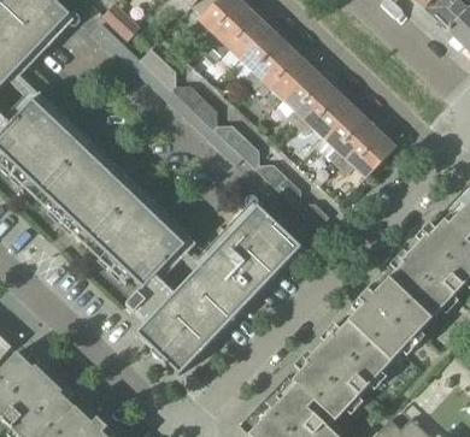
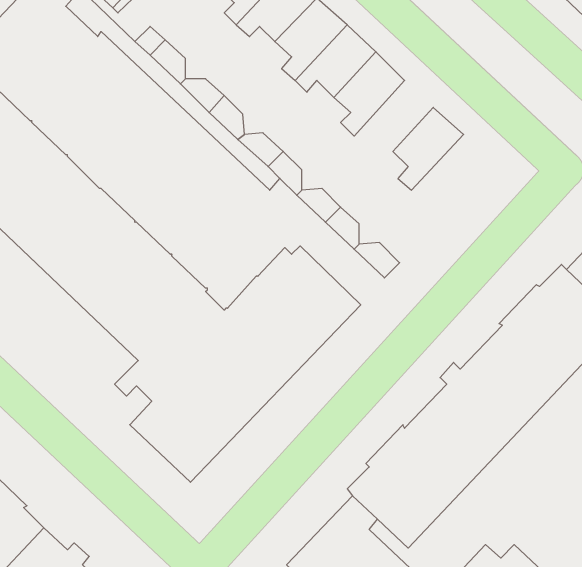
building: [295,87,352,137] -> none
building: [336,125,395,177] -> none

